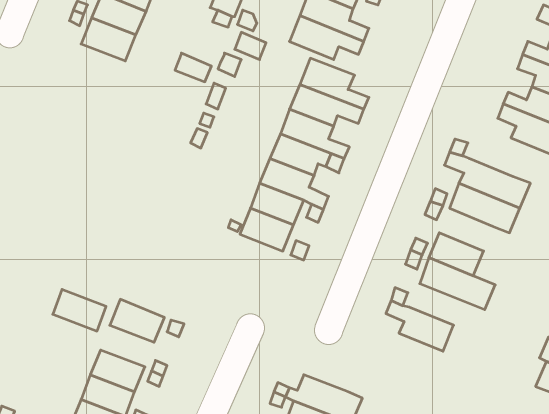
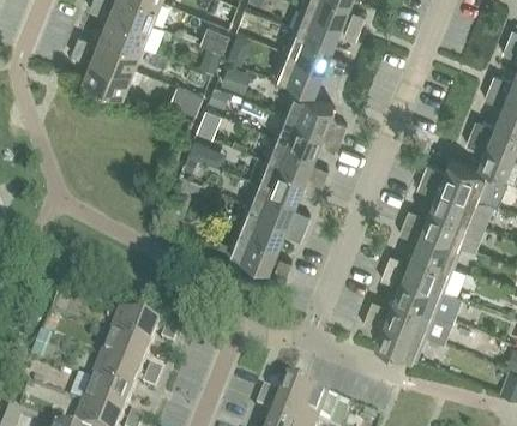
building: none -> [439,161,489,200]
building: none -> [411,229,461,269]
building: none -> [384,299,453,344]
building: [53,289,106,331] -> [100,337,149,376]

